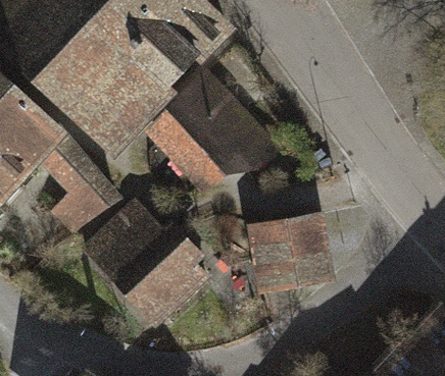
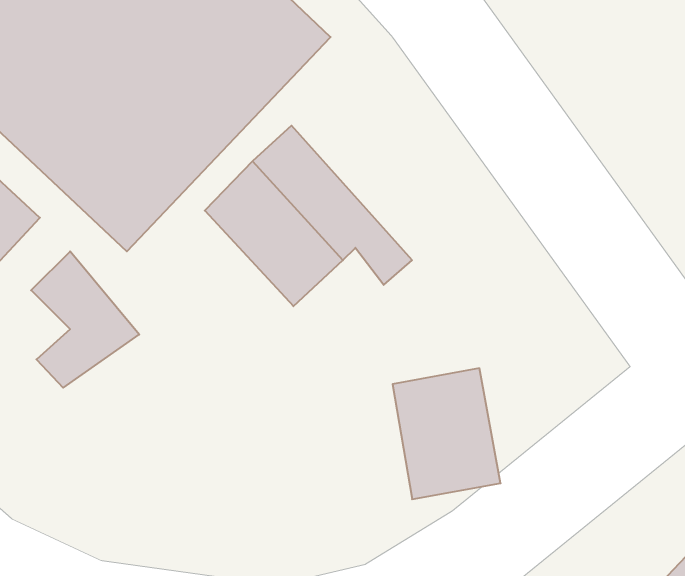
building: [88,208,208,327] -> none

